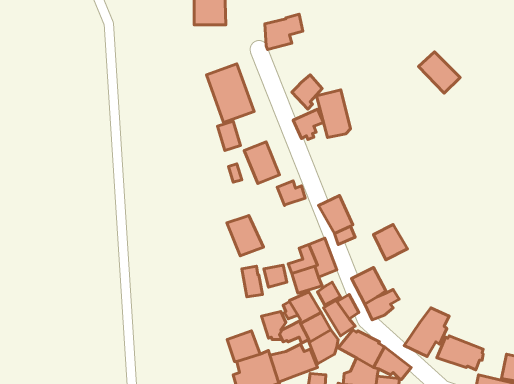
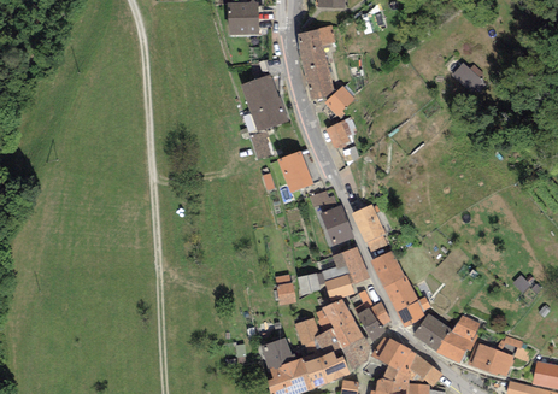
building: [316,90,351,137] -> [300,53,334,100]
building: [227,216,263,256] -> [319,205,356,245]
building: [374,225,408,260] -> [371,251,405,286]
building: none -> [412,313,451,351]

